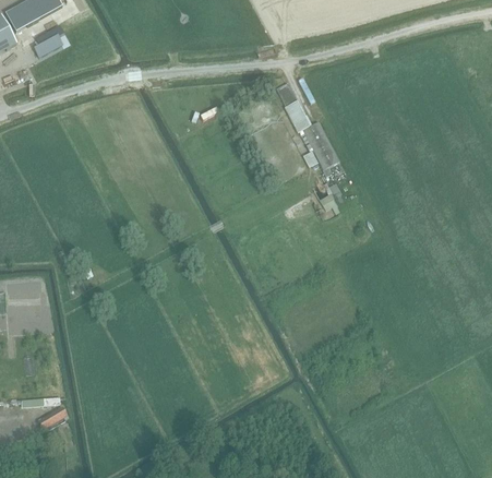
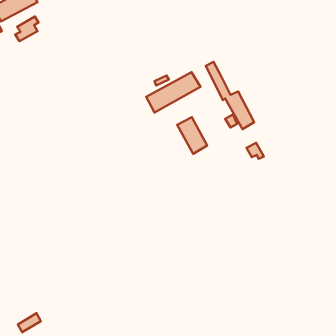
building: none -> [146,72,200,113]
building: none -> [177,117,207,154]

